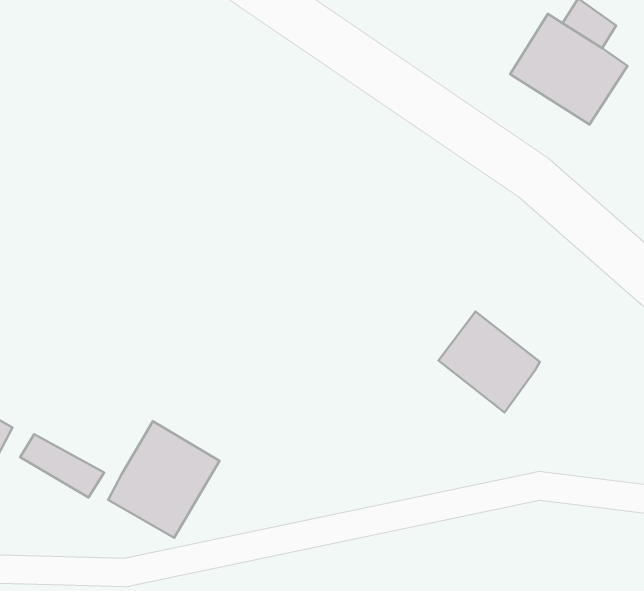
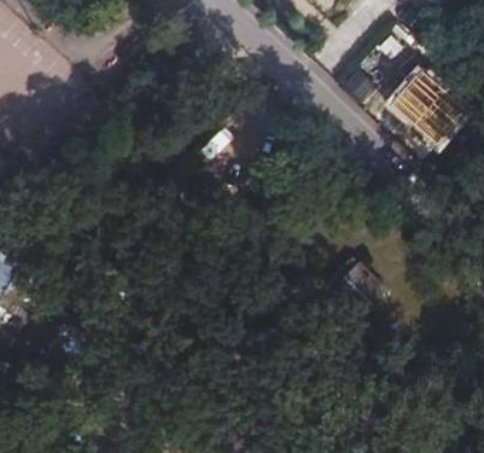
building: [108,421,219,538] -> none

